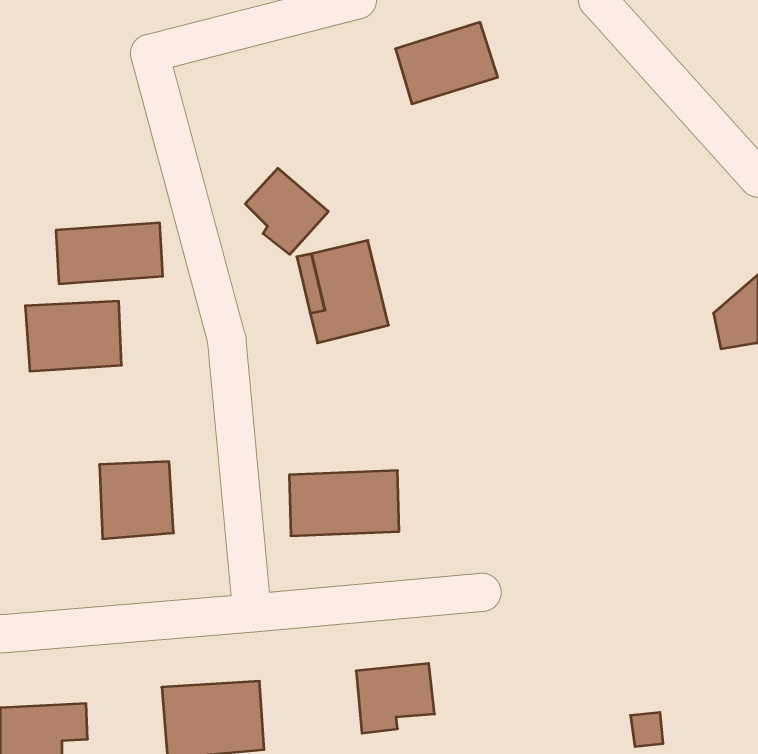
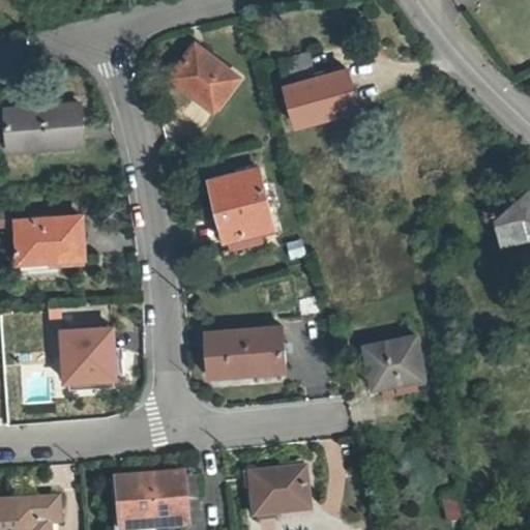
building: [395,22,498,104] -> [287,71,358,128]
building: [245,168,328,254] -> [177,56,235,116]
building: [56,223,163,284] -> [10,100,85,143]
building: none -> [362,342,421,394]

